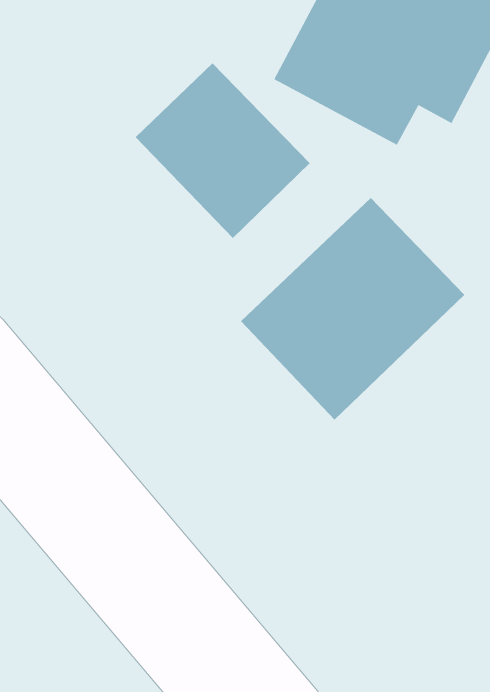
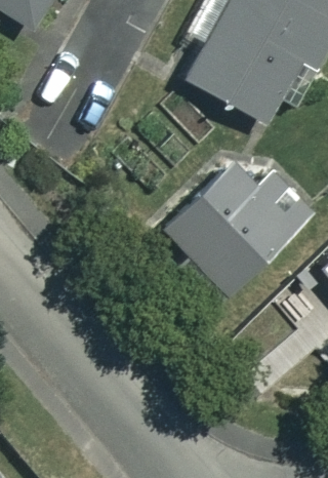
building: [135,63,311,239] -> none

